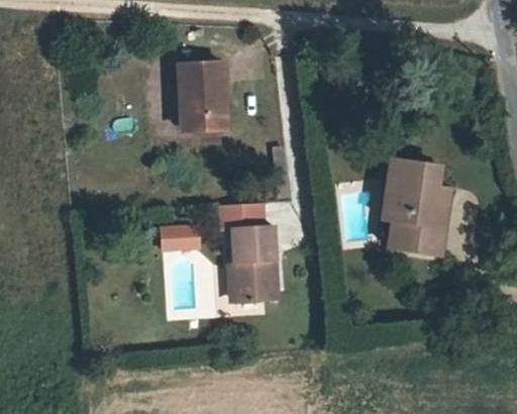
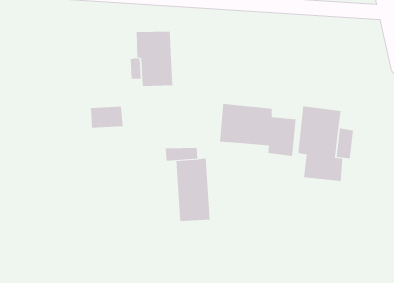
building: none -> [220,103,296,157]
building: [157,228,198,255] -> [90,106,124,128]

